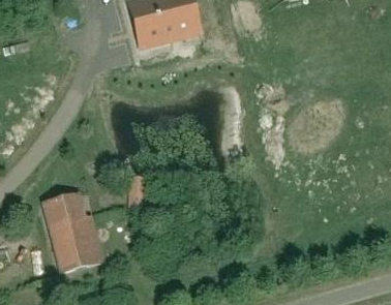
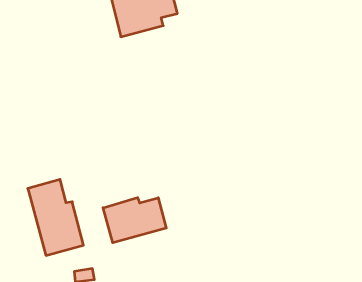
building: none -> [103,198,166,243]

